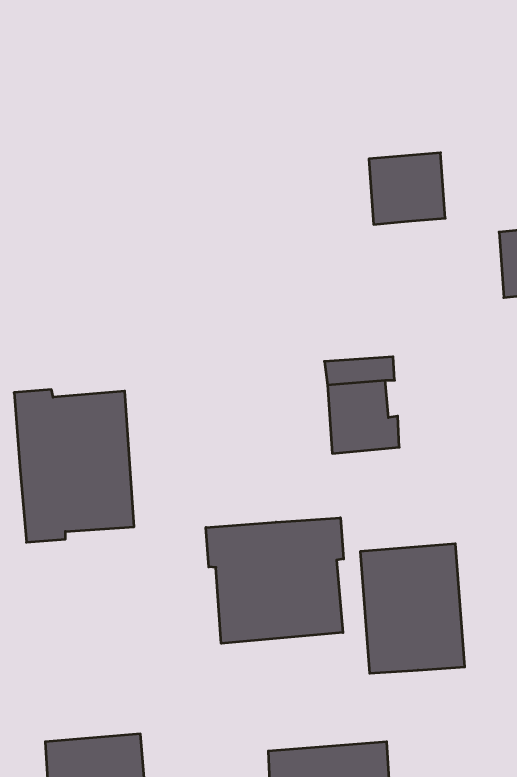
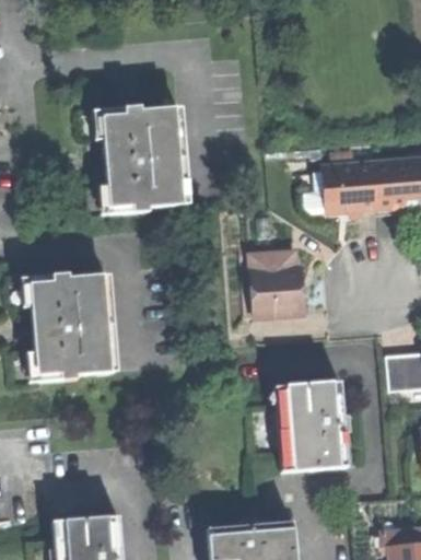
building: none -> [95,103,185,212]
building: [369,153,445,224] -> [320,163,374,213]
building: [206,518,344,643] -> none

